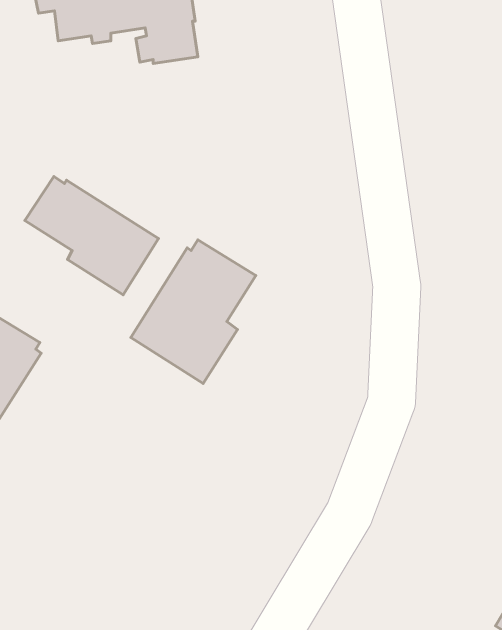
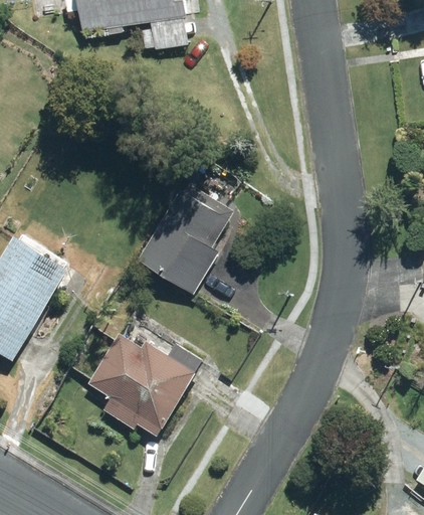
building: [25,176,158,295] -> none
building: none -> [88,334,205,437]

